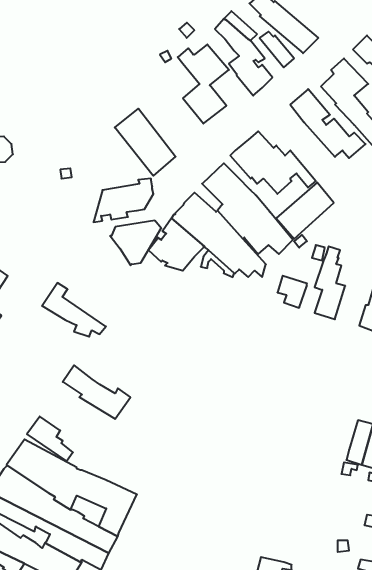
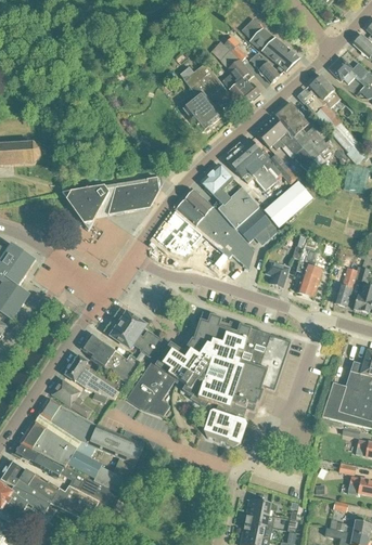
building: none -> [255,116,313,168]
building: [115,109,176,176] -> none
building: [110,221,161,265] -> [66,186,110,224]
building: [42,283,106,337] -> [65,356,119,402]
building: none -> [112,312,291,446]

